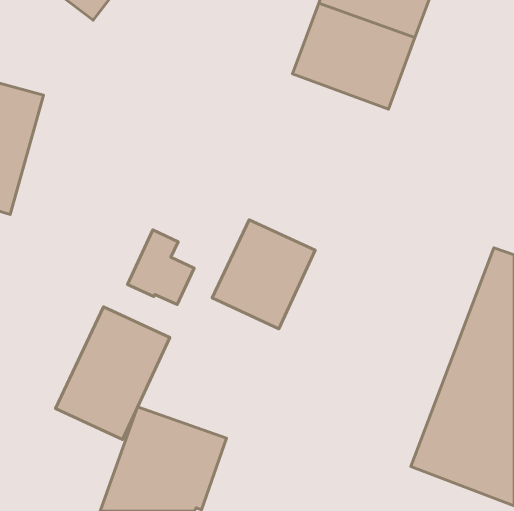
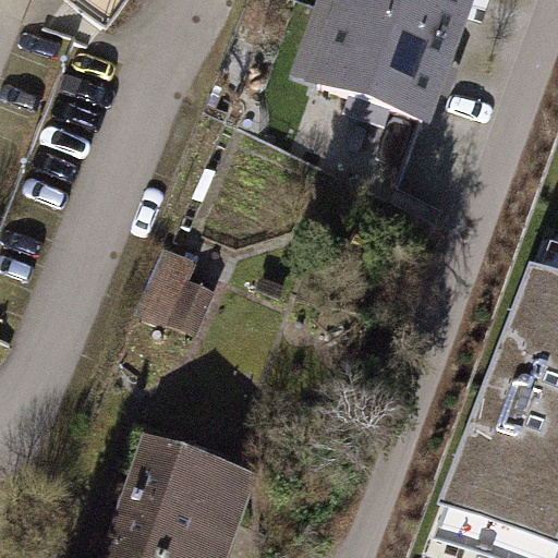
building: [212,220,315,329] -> none
building: [56,307,170,440] -> none

